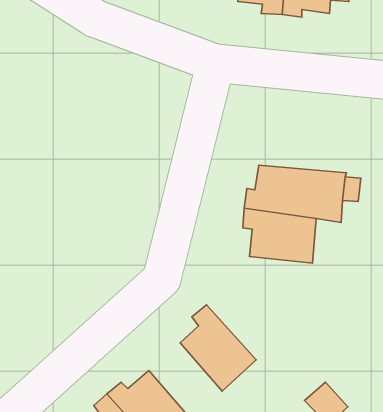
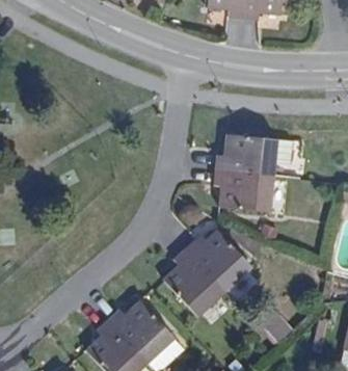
building: none -> [184,229,250,291]

